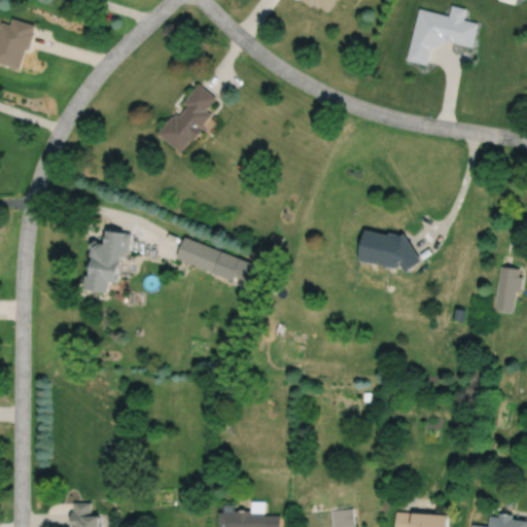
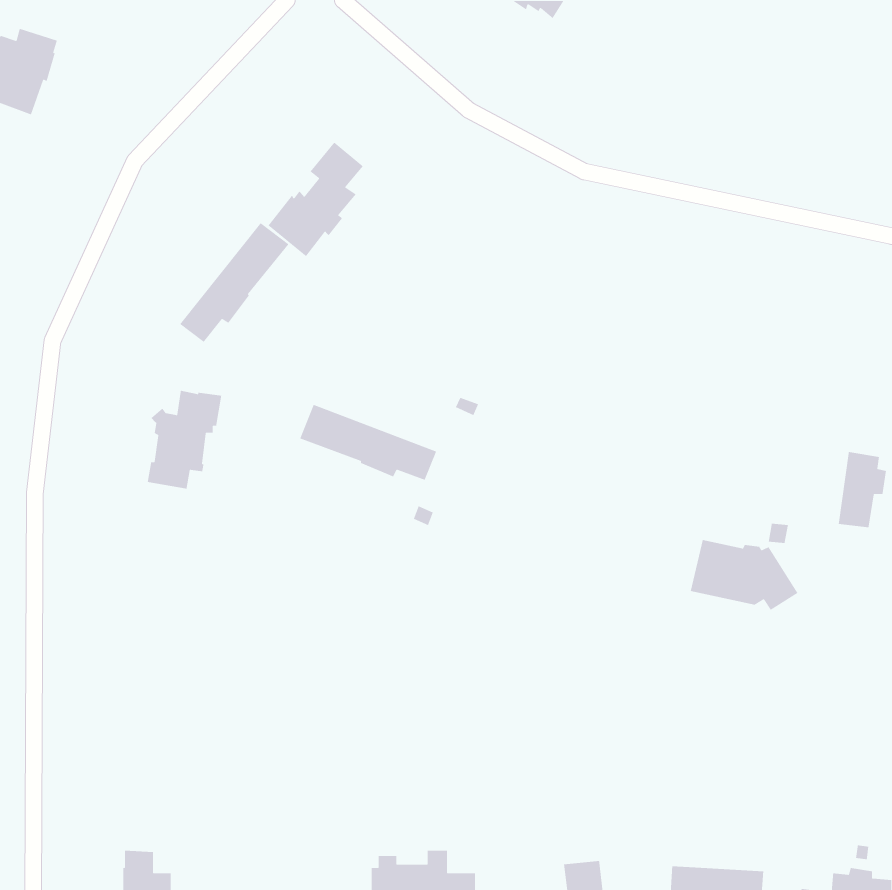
building: [406,6,477,65] -> none
building: none -> [179,222,289,343]
building: [356,232,420,274] -> [690,539,798,611]

